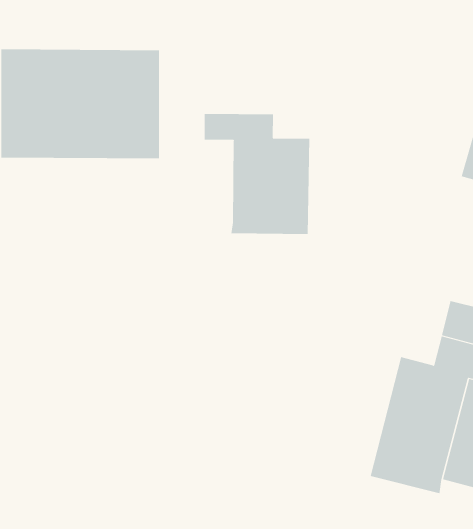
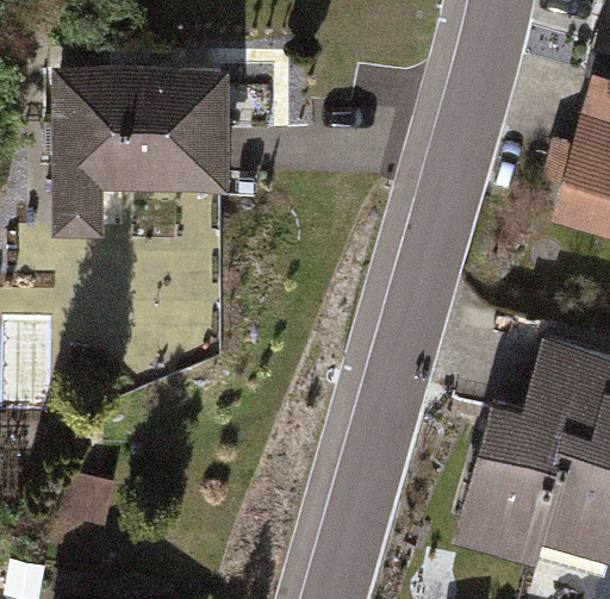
building: [204,113,310,235] -> none

